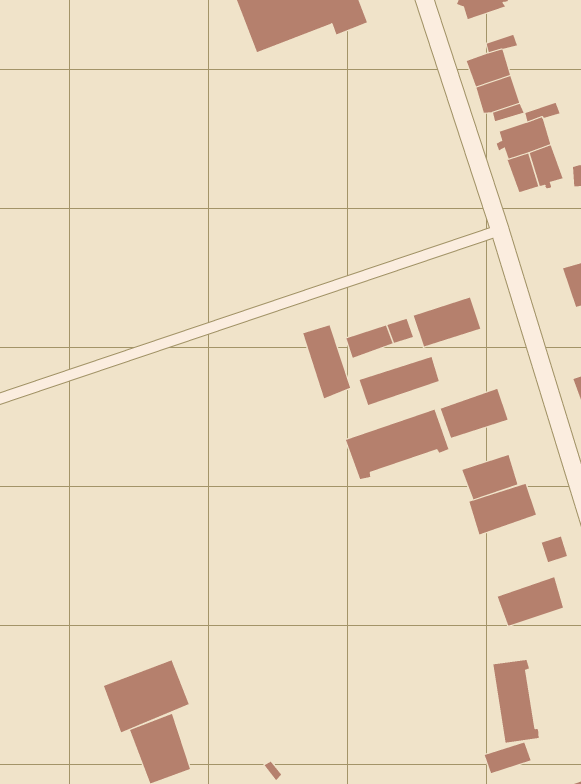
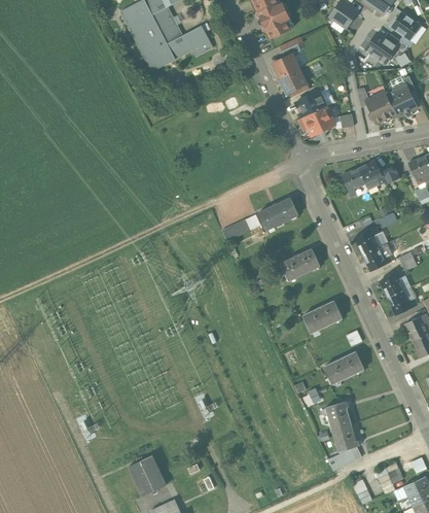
building: [302,324,351,399] -> none
building: [359,356,439,406] -> none
building: [345,409,449,480] -> none
building: [462,454,518,500] -> none
building: [103,659,190,733] -> none

